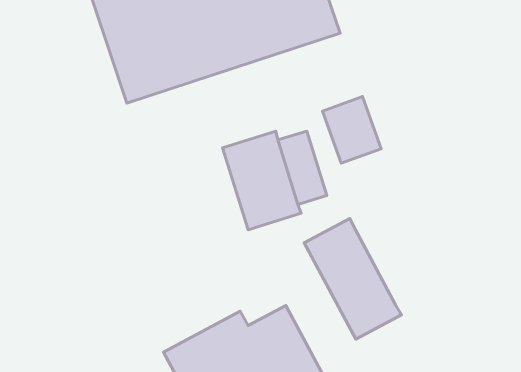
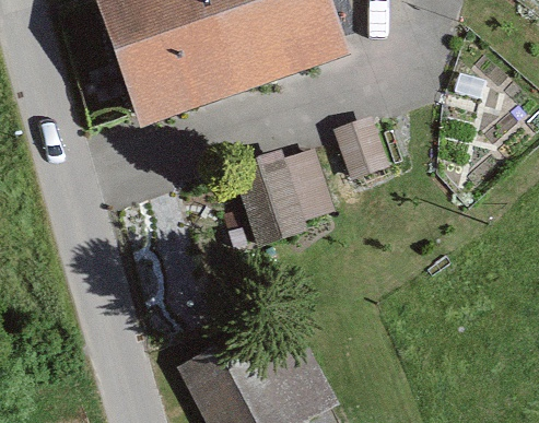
building: [304,218,402,339] -> none

